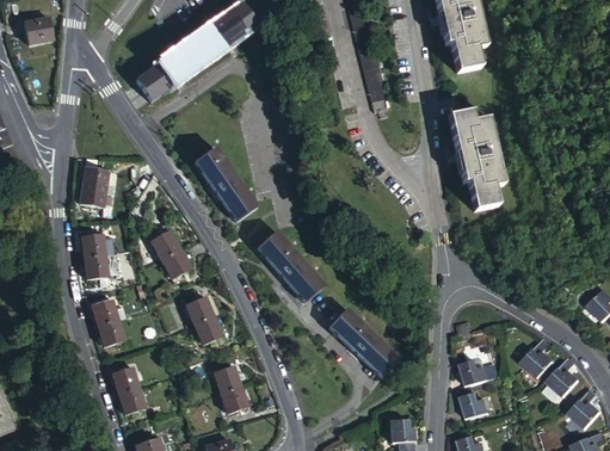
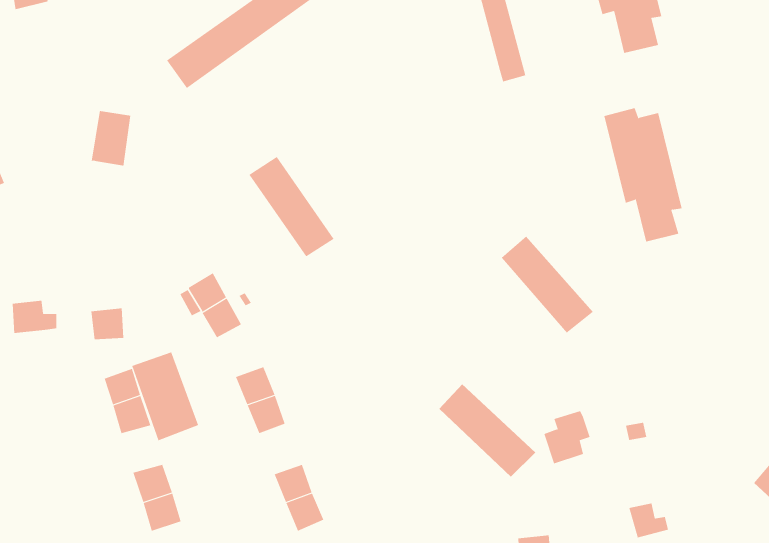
building: [80,166,109,205] -> [91,111,131,166]
building: [258,230,324,299] -> [501,236,593,334]
building: [81,233,113,257] -> [12,300,57,334]
building: none -> [132,352,199,441]
building: [523,339,555,379] -> none
building: [464,347,498,385] -> [544,410,591,464]

